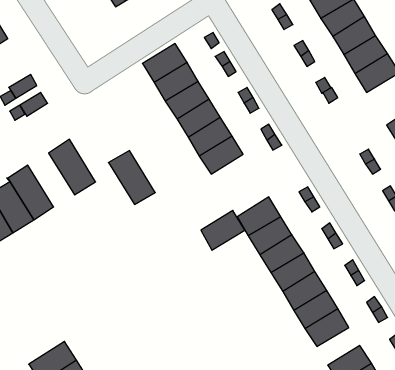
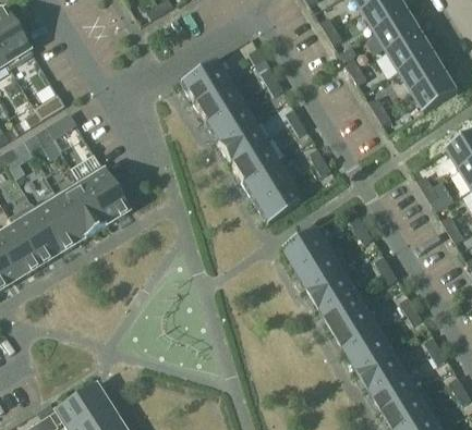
building: [108,151,155,204] -> [53,179,105,237]
building: [201,210,245,250] -> [254,180,302,223]
building: none -> [370,369,416,410]

